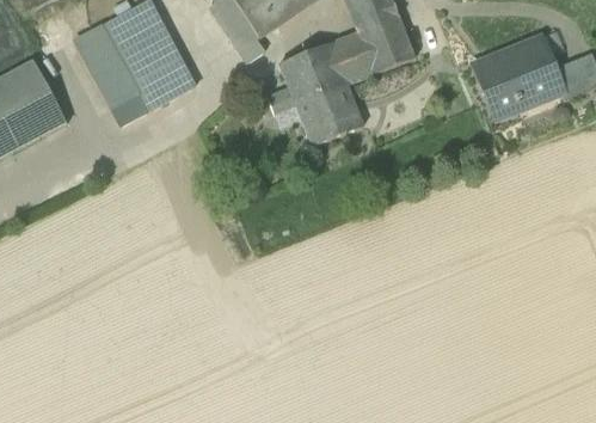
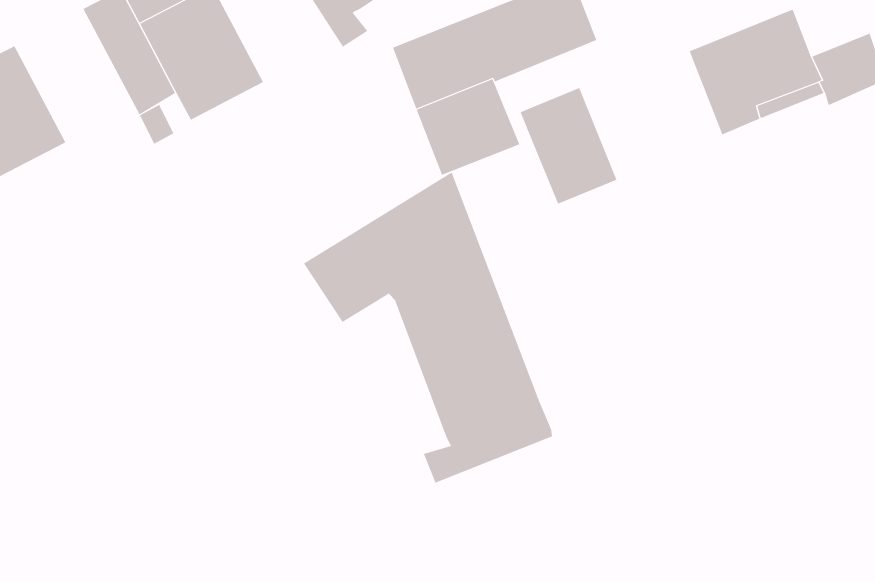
building: none -> [520,87,617,205]
building: none -> [303,171,553,483]

